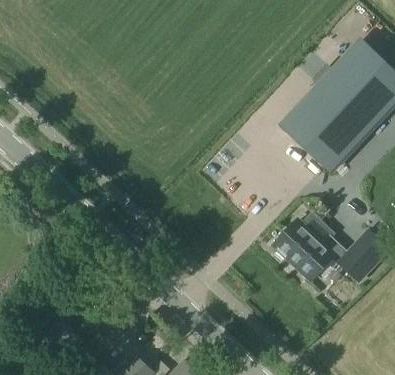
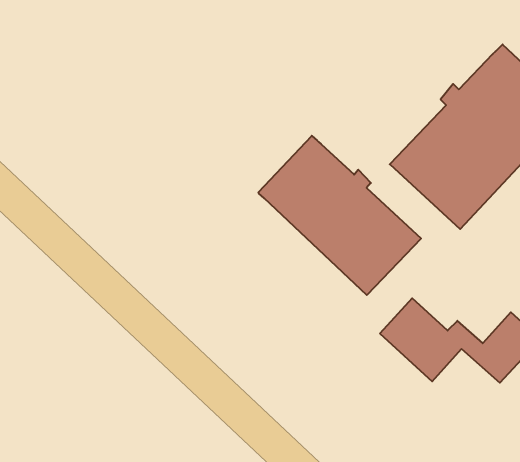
building: none -> [259,136,421,295]

